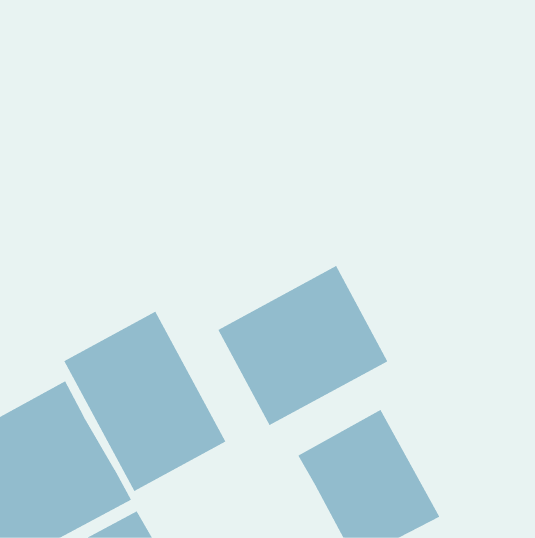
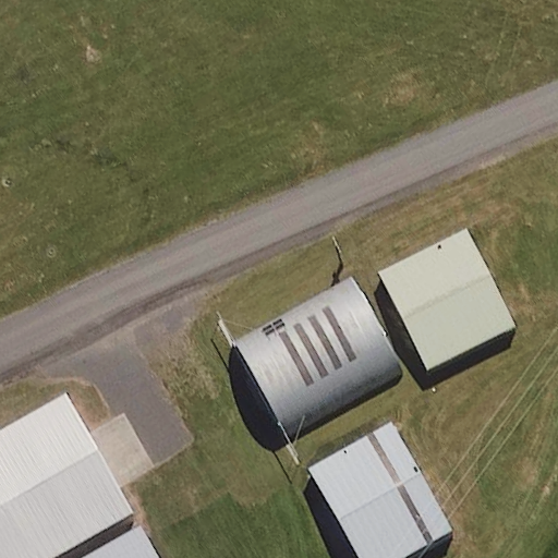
building: none -> [377,229,517,372]
building: [63,311,226,492] -> none

